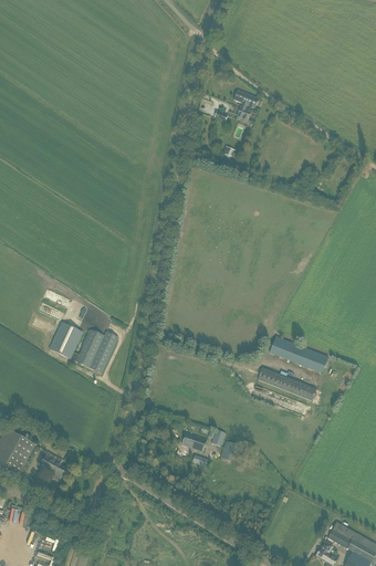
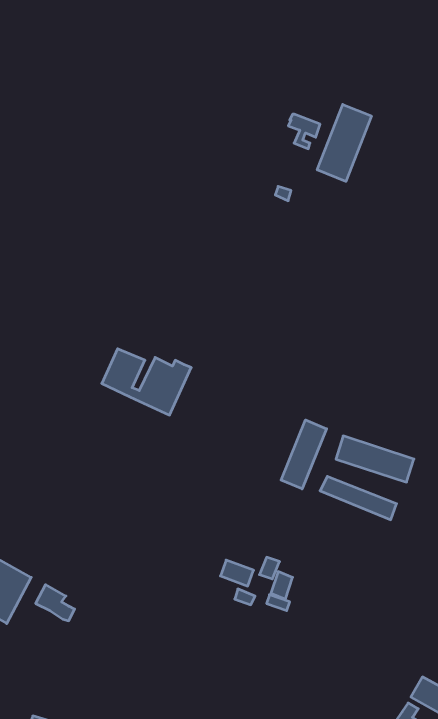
building: none -> [317,104,371,181]
building: [49,322,117,373] -> [102,349,191,415]
building: none -> [281,420,327,489]

